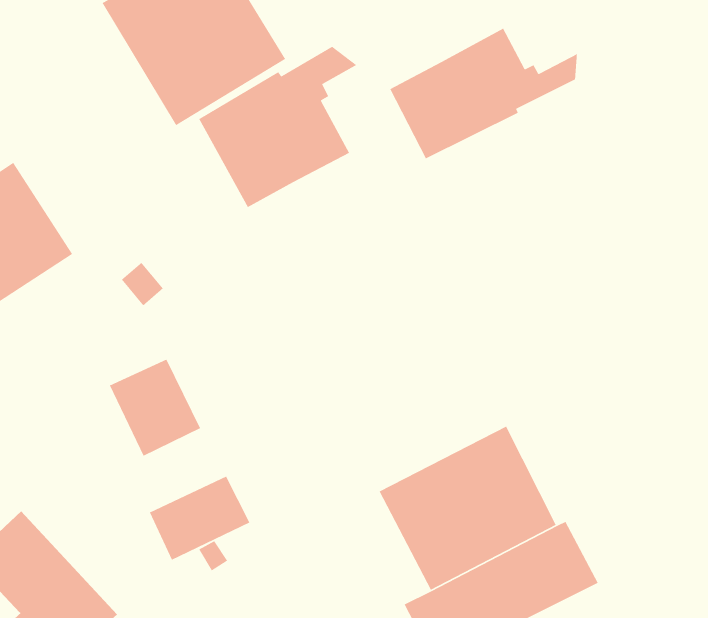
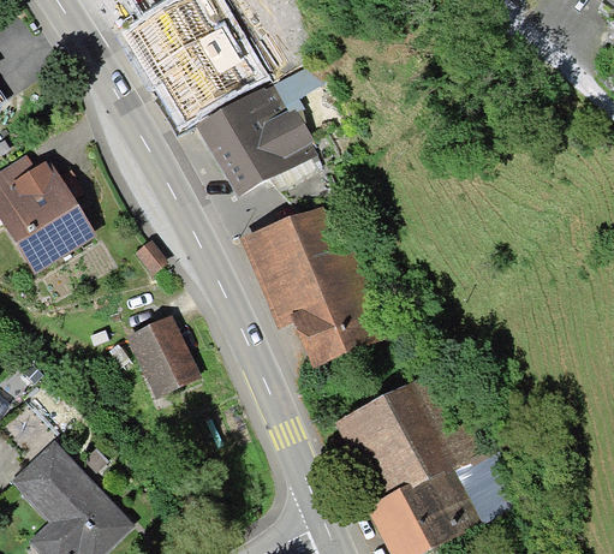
building: [389,27,578,159] -> none
building: none -> [242,207,392,363]
building: [149,476,250,561] -> none

